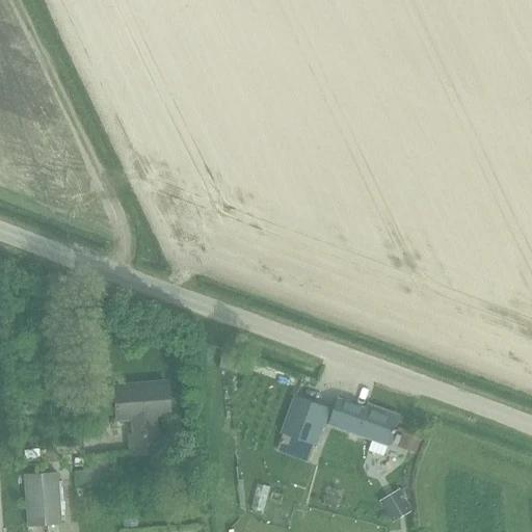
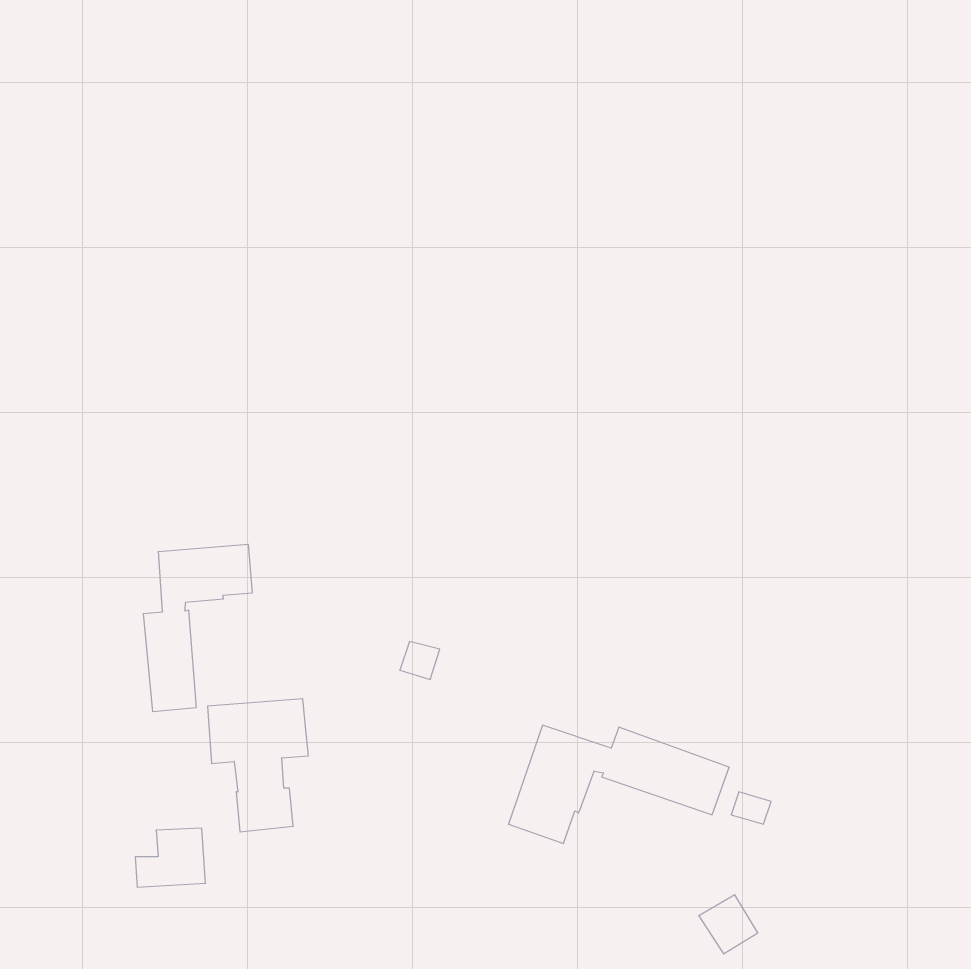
building: none -> [143,544,252,712]
building: [24,471,62,525] -> none

